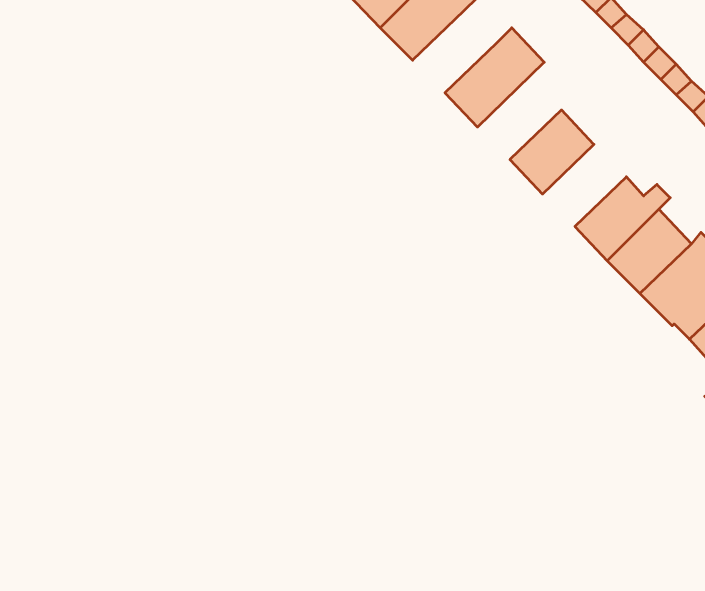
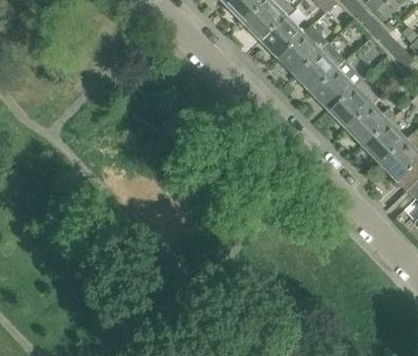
building: none -> [259,14,304,58]
building: none -> [294,42,347,94]
building: none -> [329,78,380,129]

